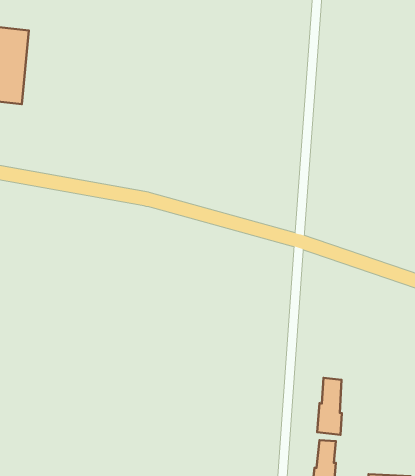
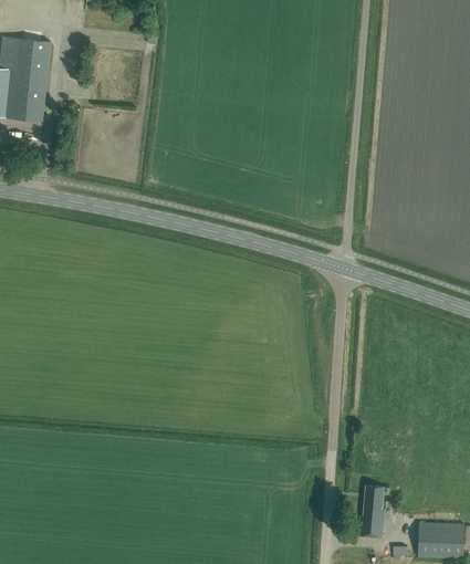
building: [317,378,342,435] -> none

